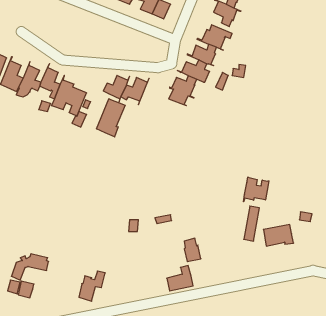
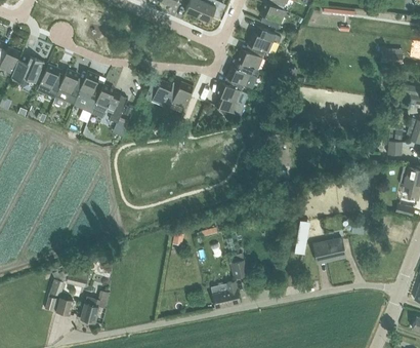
building: [97,99,125,137] -> none
building: [243,177,269,202] -> none
building: [79,271,105,301] -> [81,291,109,322]

